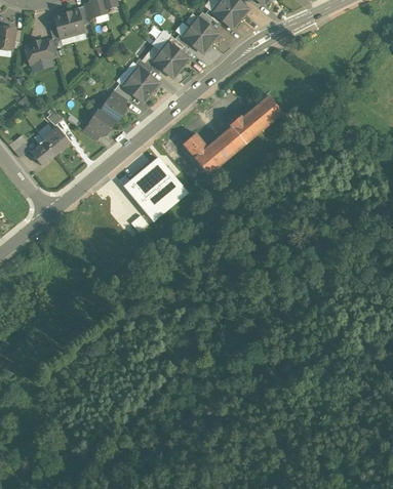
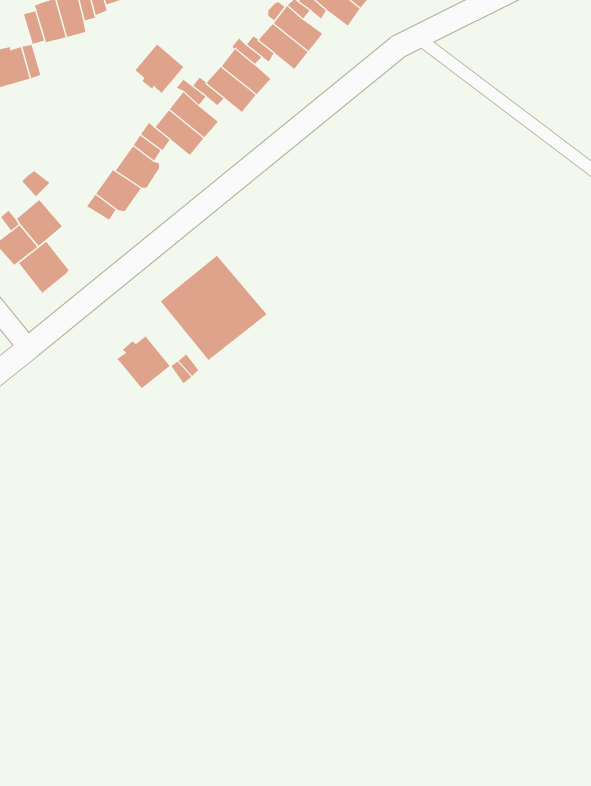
building: none -> [134,44,184,94]
building: [184,95,283,174] -> none
building: none -> [18,241,70,295]
building: none -> [117,335,171,389]

